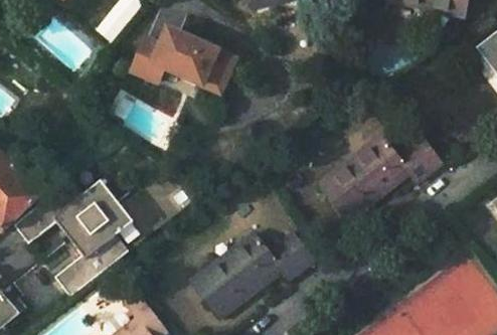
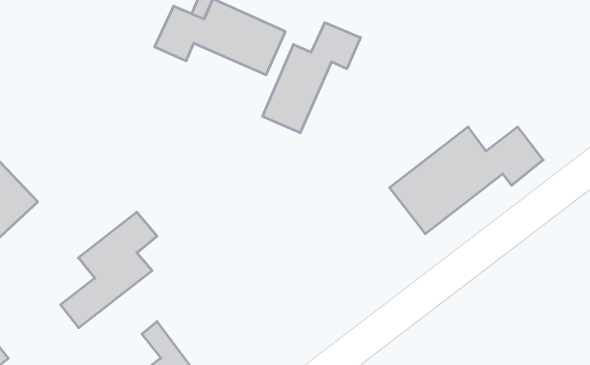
building: none -> [263,23,361,133]
building: [17,180,119,244] -> none
building: [192,231,315,316] -> none

